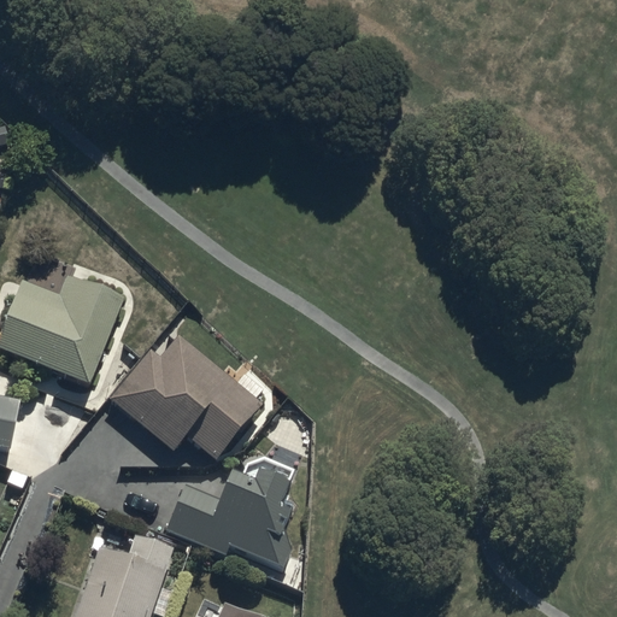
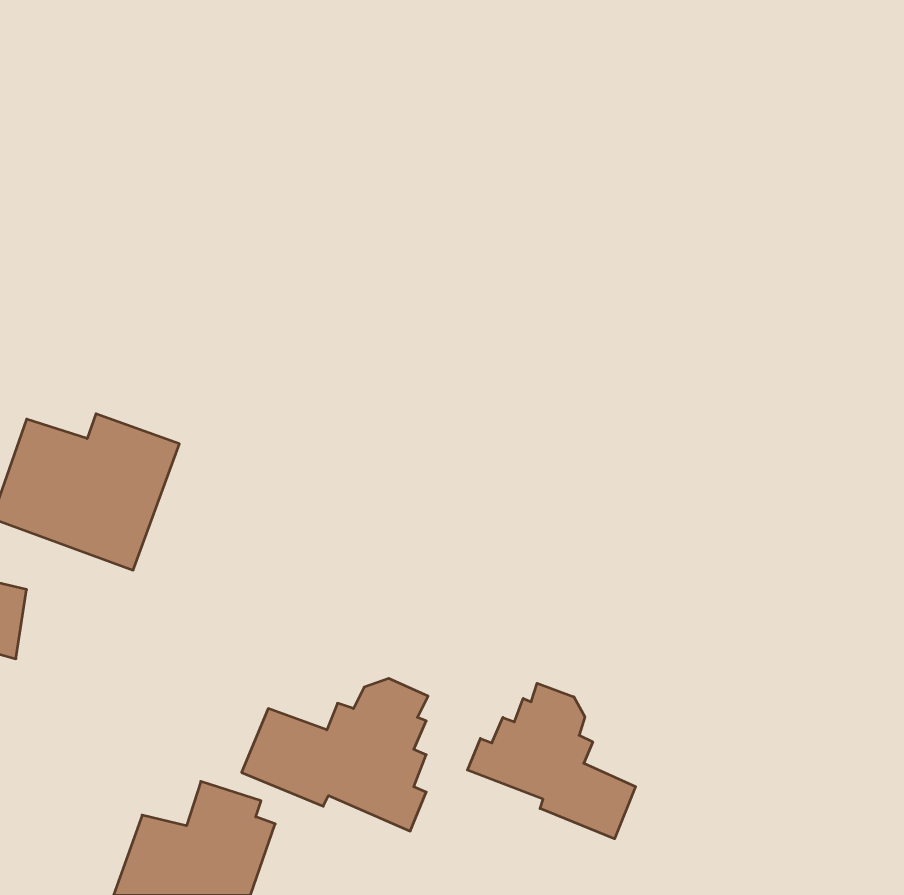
building: [106,335,263,465] -> none
building: none -> [467,683,636,839]

